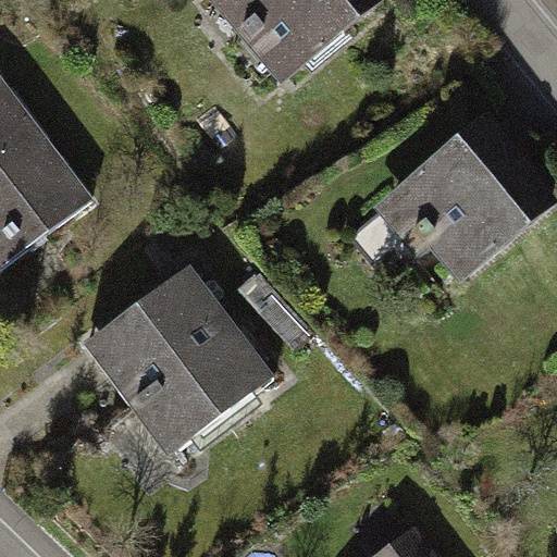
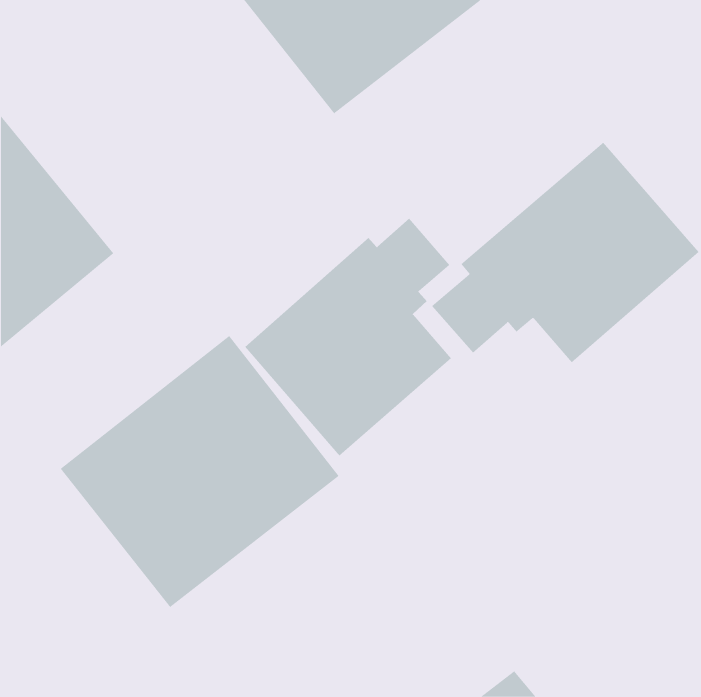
building: none -> [245,218,452,456]

